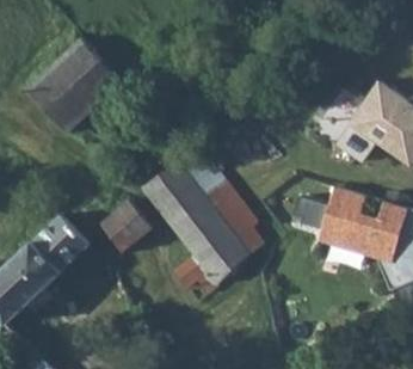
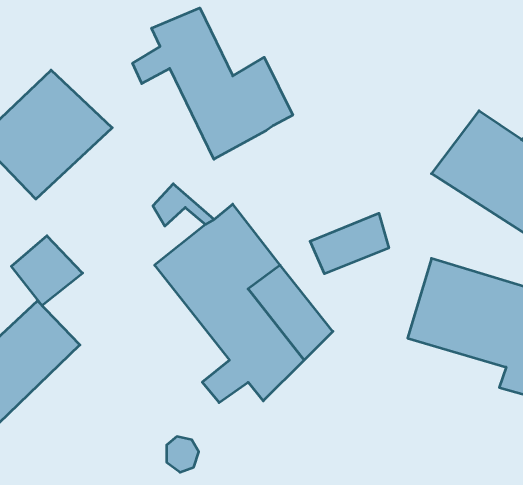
building: none -> [133,8,293,159]
building: none -> [310,213,389,274]
building: [104,201,154,250] -> [11,236,83,305]

